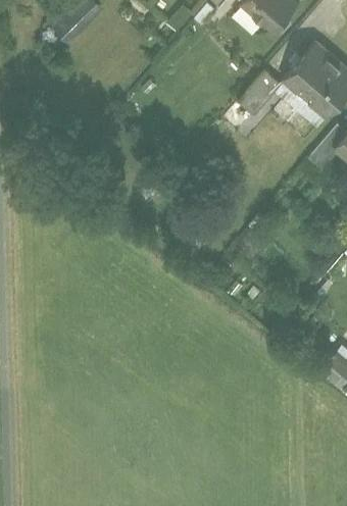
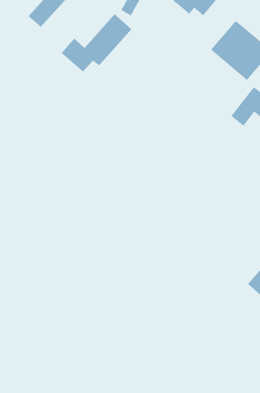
building: none -> [61,14,132,72]
building: [240,69,283,116] -> none

